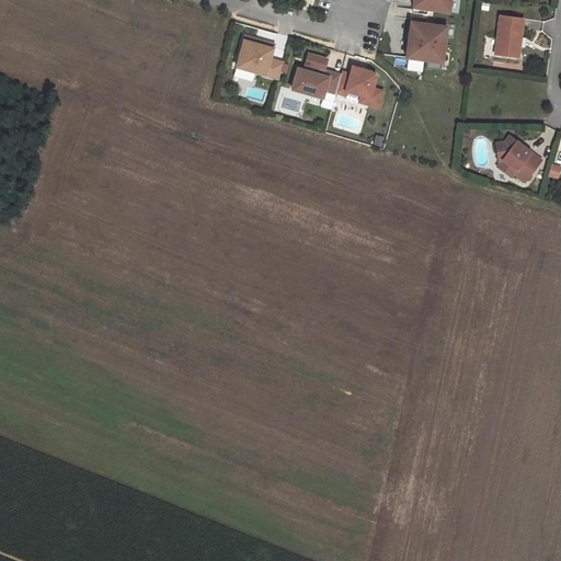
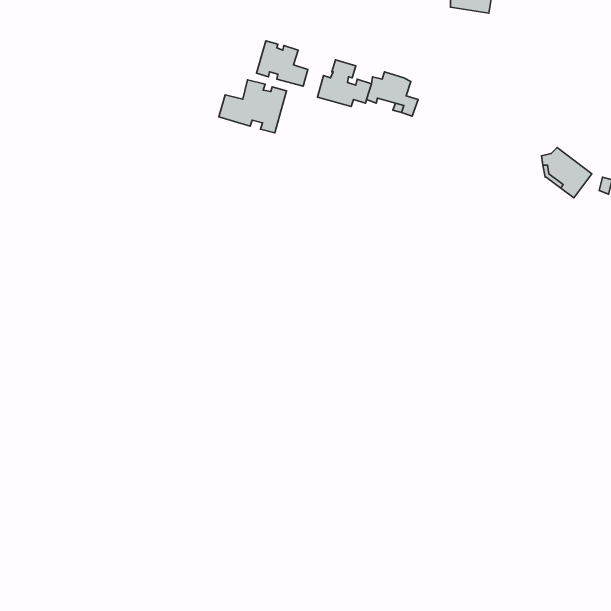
building: [494,15,523,57] -> none
building: [405,21,447,61] -> none
building: none -> [219,80,287,133]

